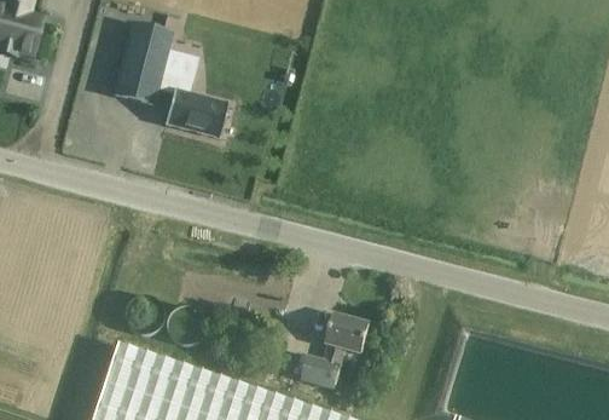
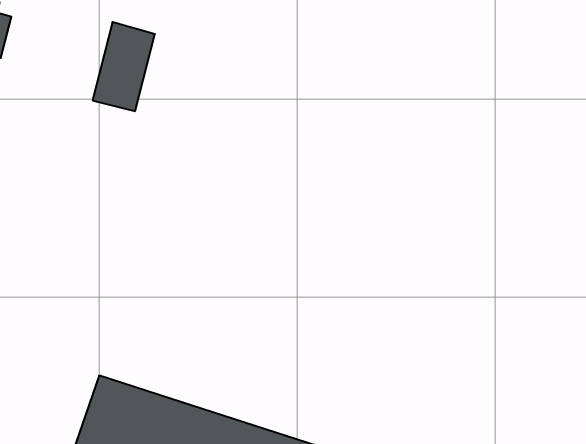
building: [167,90,228,136] -> none
building: [302,313,370,390] -> none

